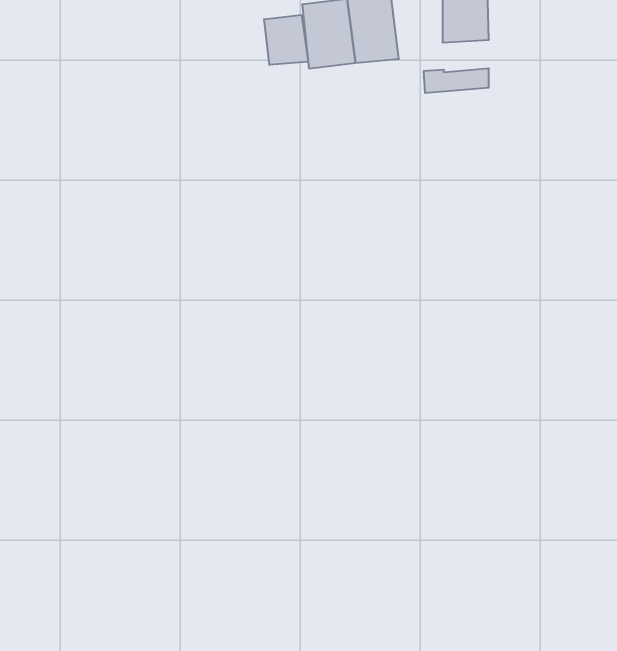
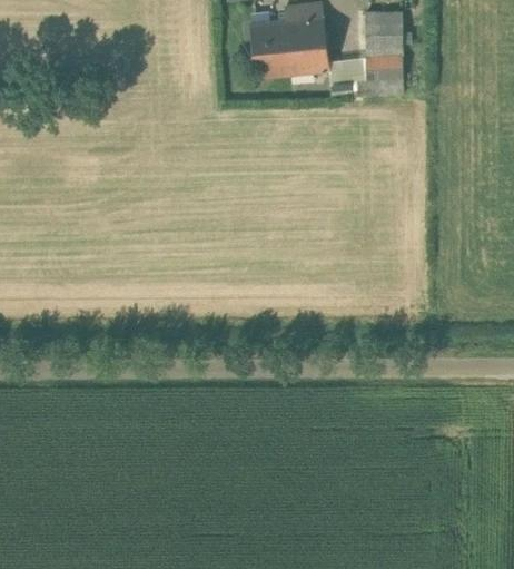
building: [264,15,308,65] -> none
building: none -> [365,52,403,79]

